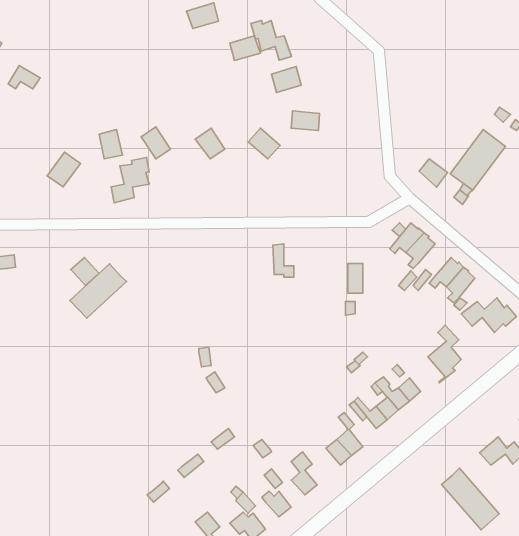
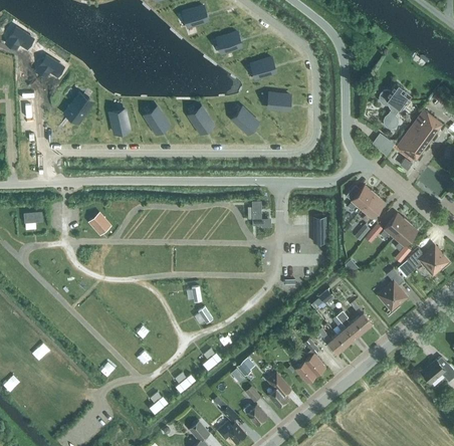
building: [251,20,291,60] -> none
building: none -> [379,83,411,129]
building: [47,152,80,187] -> [64,93,91,122]
building: [111,158,149,203] -> none
building: [70,264,127,318] -> none
building: [442,468,499,530] -> none

